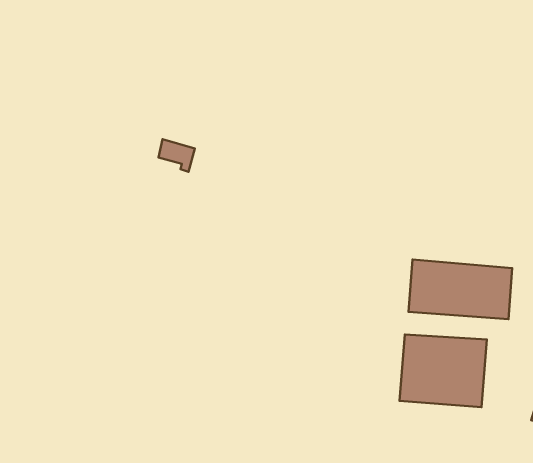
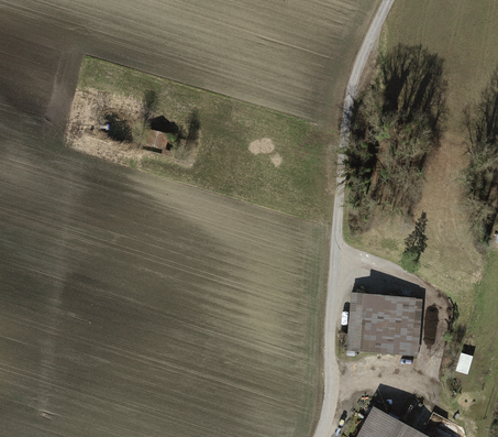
building: [409,260,512,319] -> none

